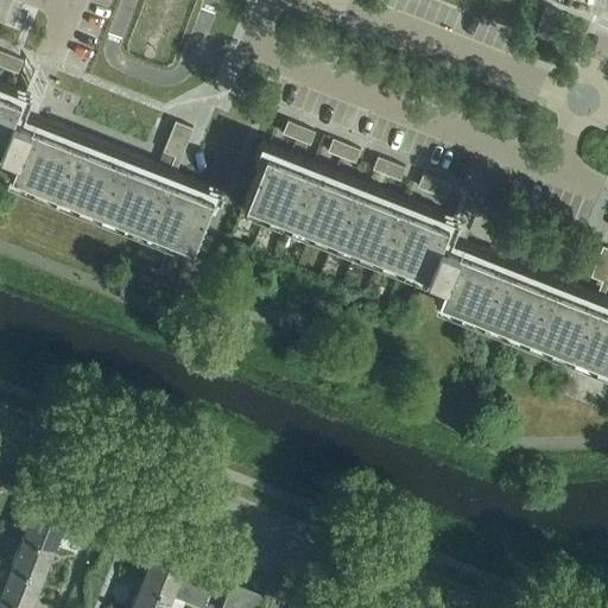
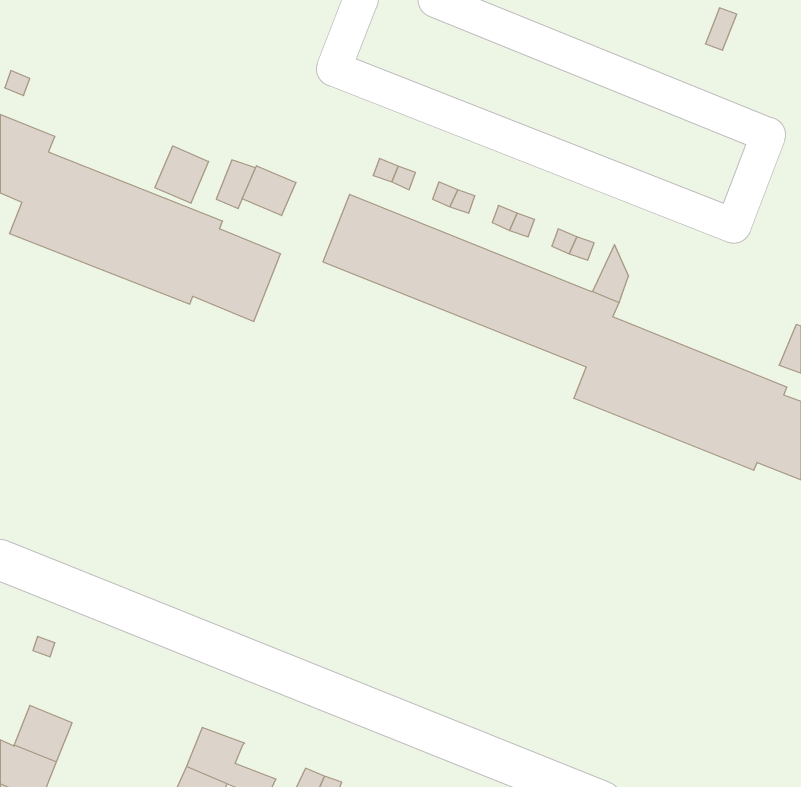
building: none -> [155,146,209,203]
building: none -> [242,166,296,216]
building: [23,515,66,558] -> none

